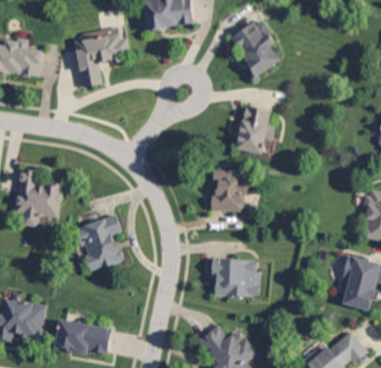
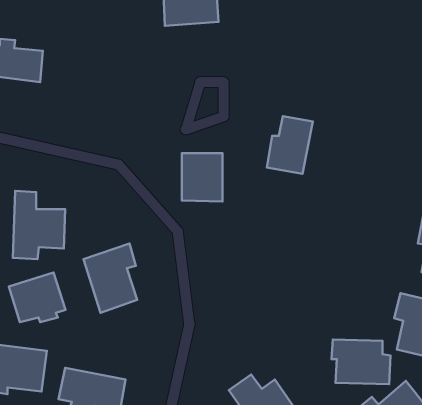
building: [230,23,280,77] -> none
building: [73,30,129,88] -> none
building: [212,171,247,212] -> [182,153,223,202]
building: none -> [9,272,66,322]
building: [211,259,261,297] -> [331,340,390,384]

